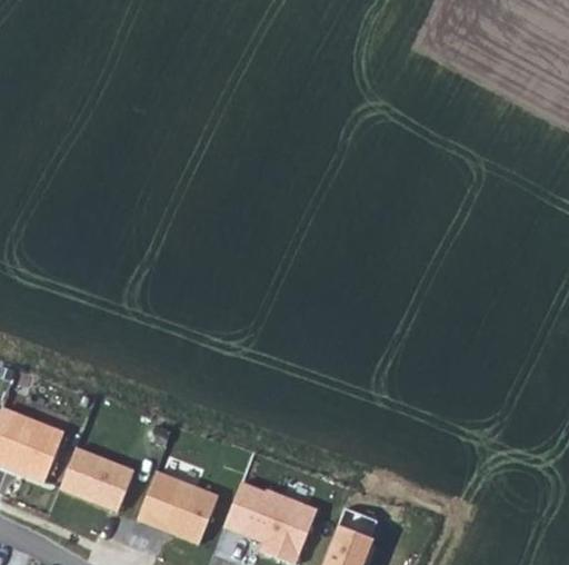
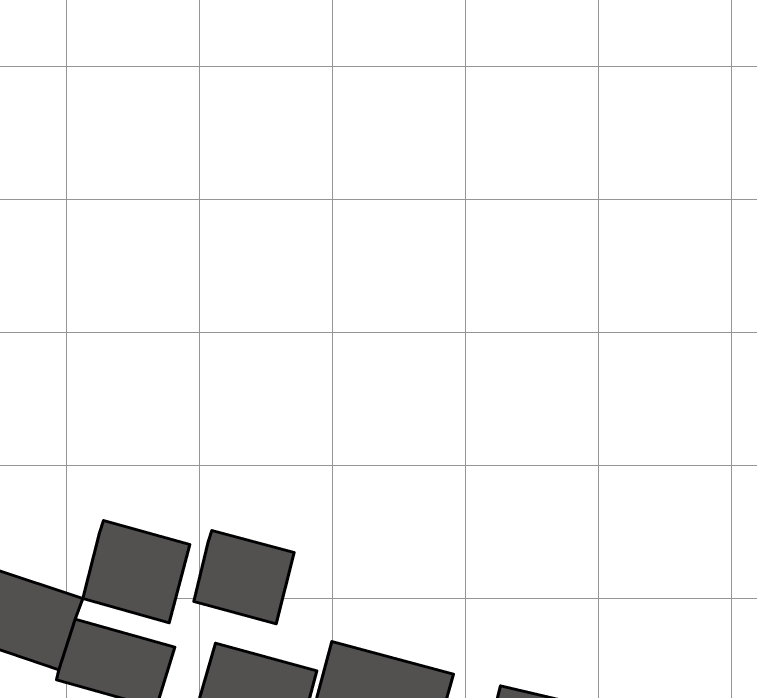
building: none -> [83,520,190,623]
building: none -> [194,530,294,624]

